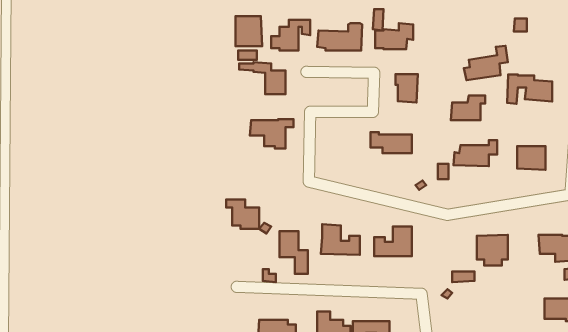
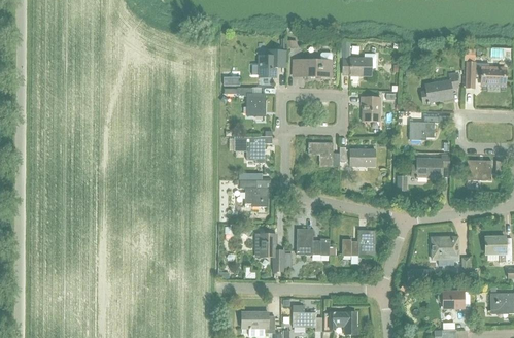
building: [235,16,262,46] -> none
building: [507,74,552,104] -> [466,62,505,88]
building: none -> [308,142,339,166]
building: [226,199,259,229] -> [239,180,268,206]
building: none -> [438,291,470,311]

